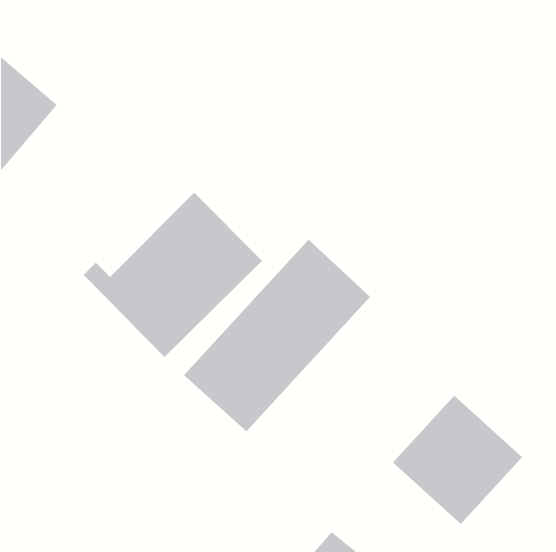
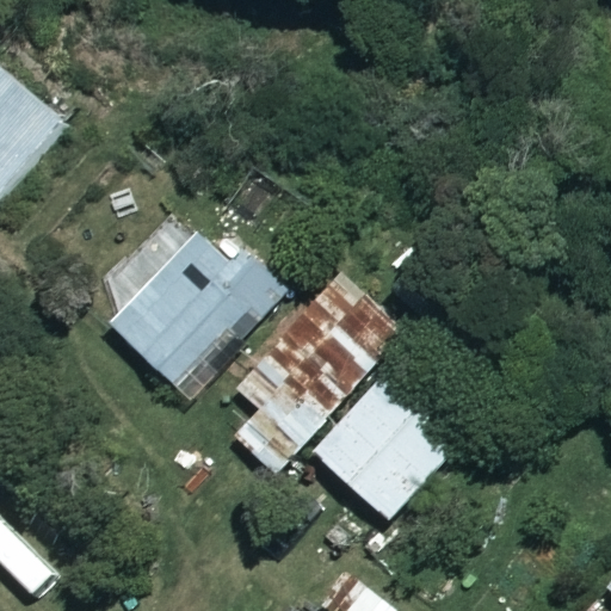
building: [392,395,523,525] -> [314,377,457,519]

